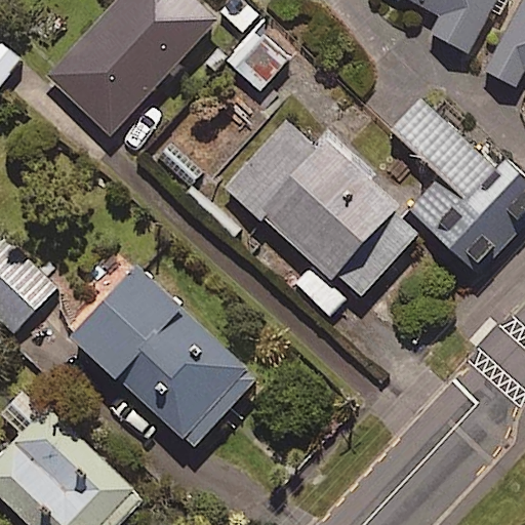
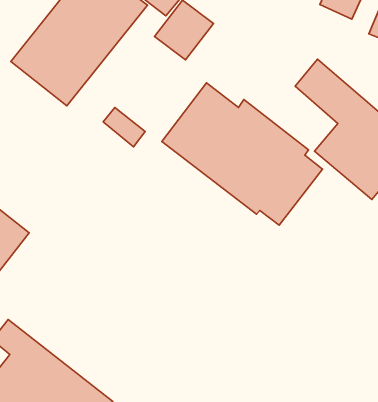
building: [72,270,256,449] -> none

